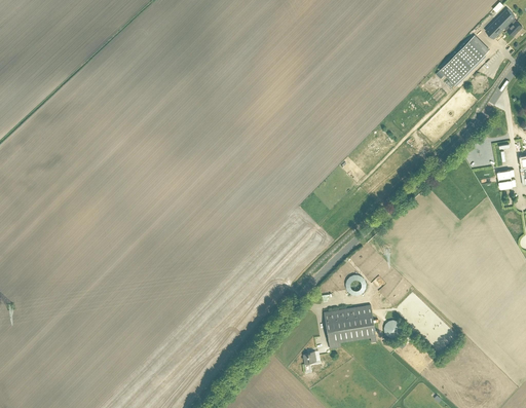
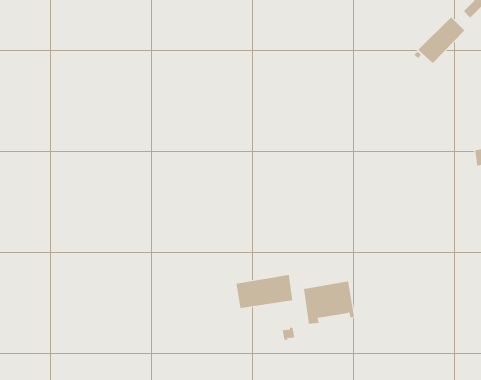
building: none -> [236,274,293,309]

